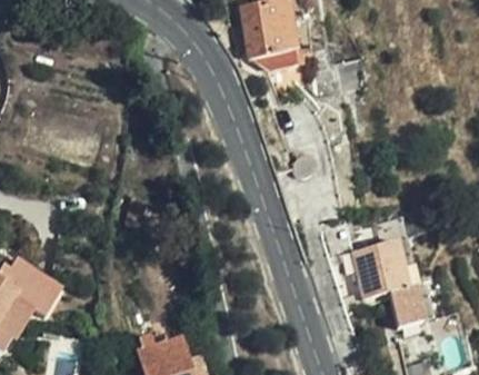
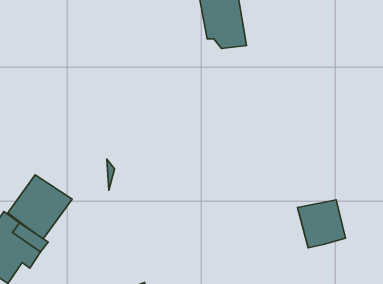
building: none -> [8,175,72,239]
building: [388,287,420,329] -> none

